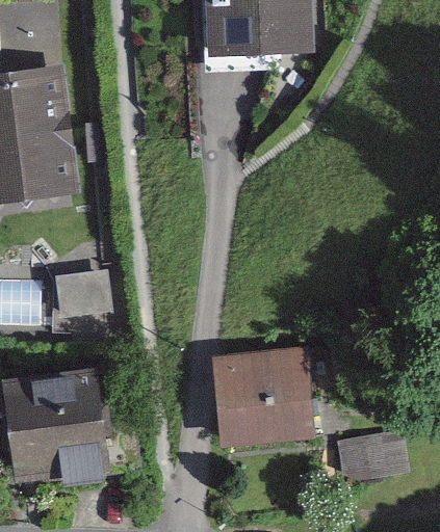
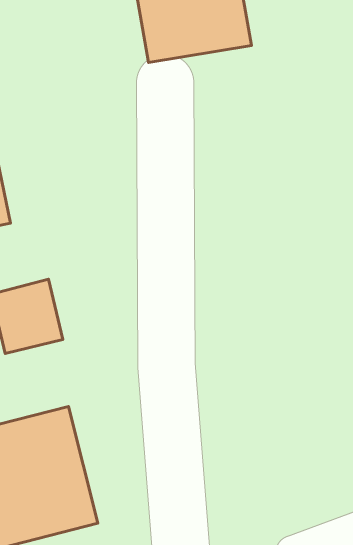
building: [208,341,332,447] -> none

